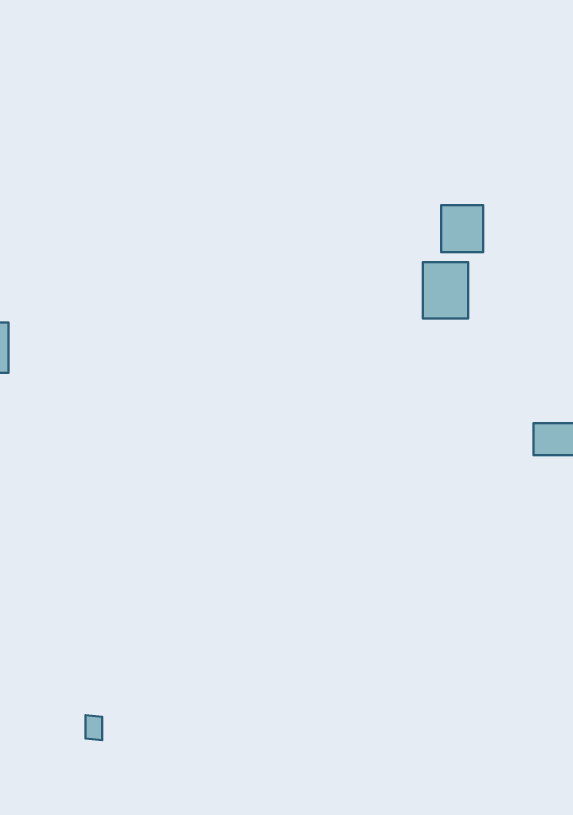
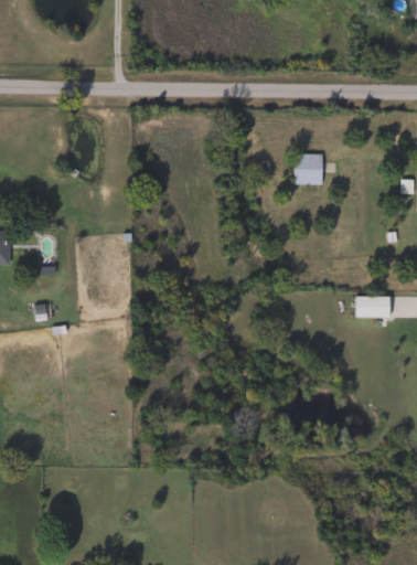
building: [423,262,468,318] -> none

